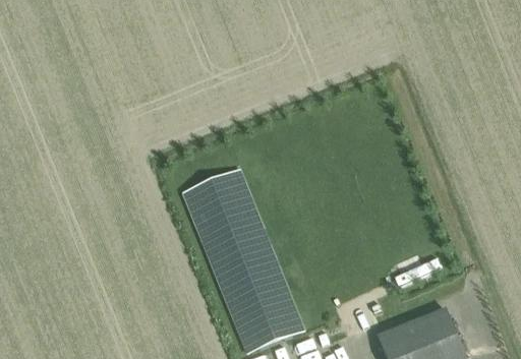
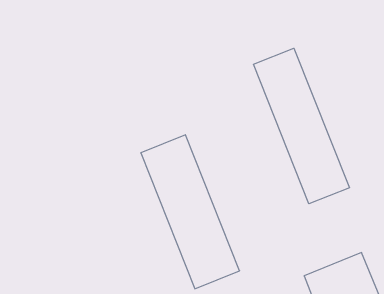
building: none -> [253,48,350,204]

